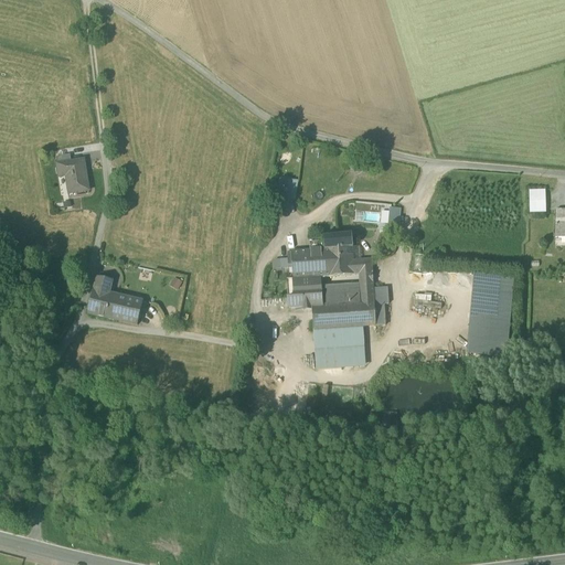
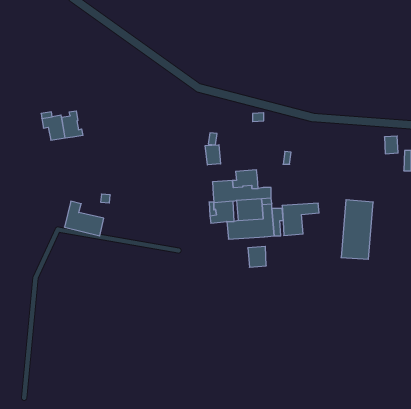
building: none -> [62,111,83,138]
building: none -> [205,145,221,165]
building: [313,324,364,369] -> [282,203,319,235]

